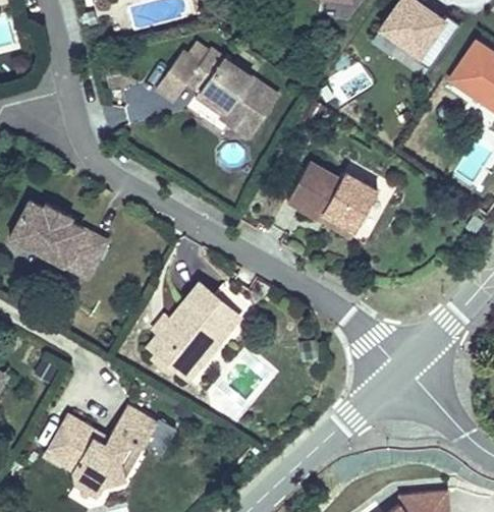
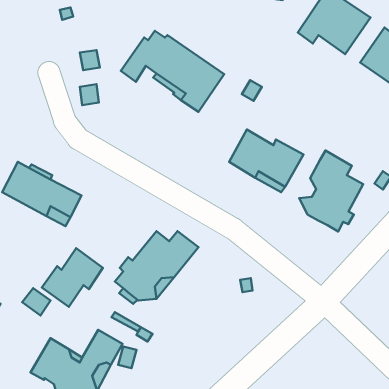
building: none -> [299,151,363,231]
building: none -> [42,248,103,307]

